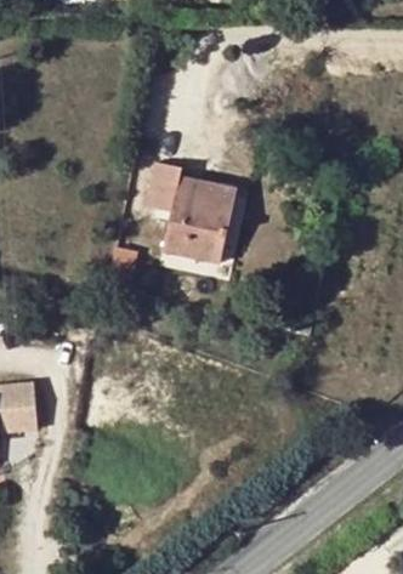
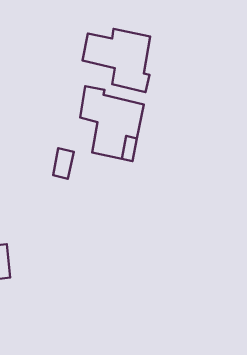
building: none -> [82,29,150,92]

